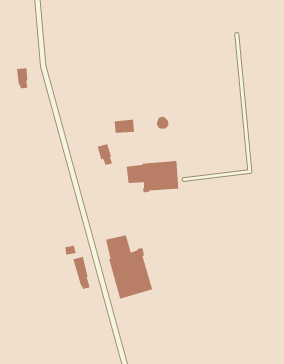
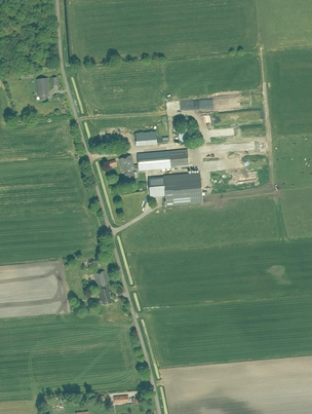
building: none -> [136,148,188,168]
building: [106,234,153,299] -> none

